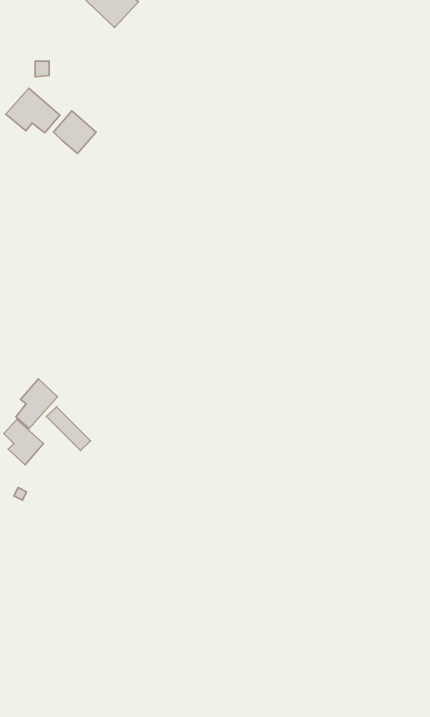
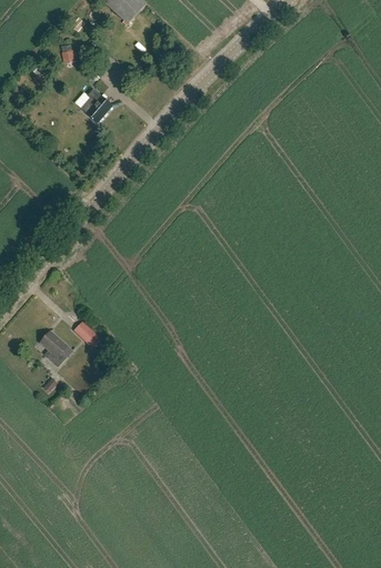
building: [6,88,60,133] -> none
building: [16,379,58,429] -> none

